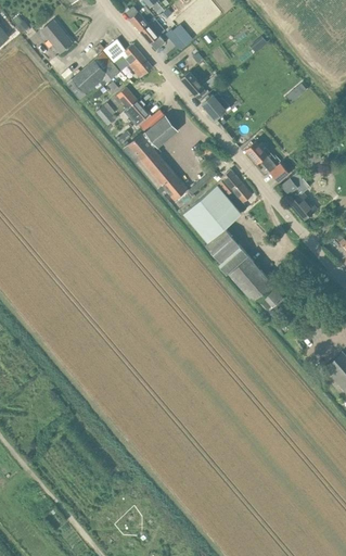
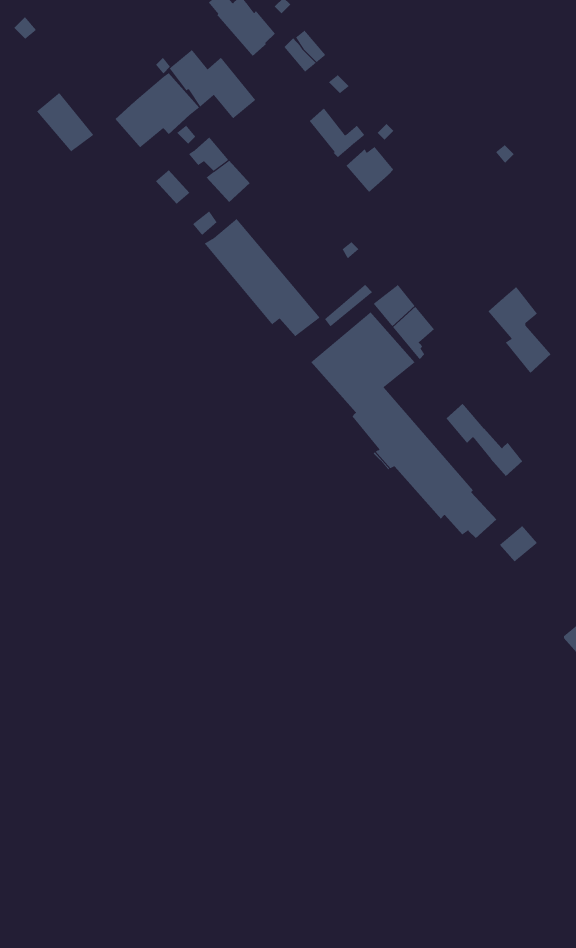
building: [40,20,73,53] -> [36,92,94,152]
building: [140,111,178,148] -> none
building: [245,141,289,182] -> [446,403,523,477]

